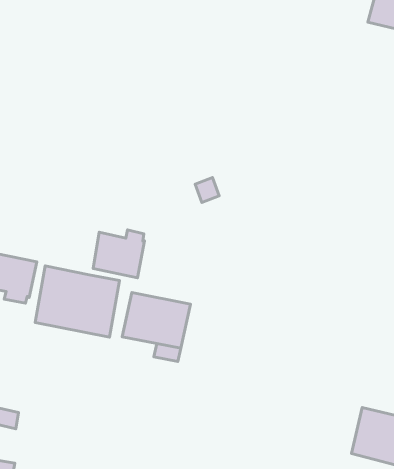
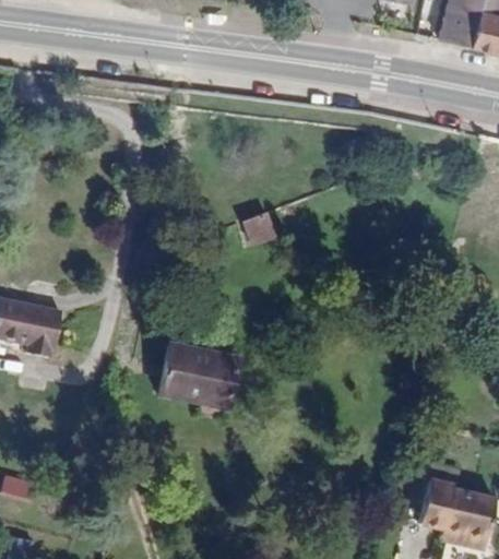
building: [93,230,145,278] -> none
building: [35,266,120,337] -> none

